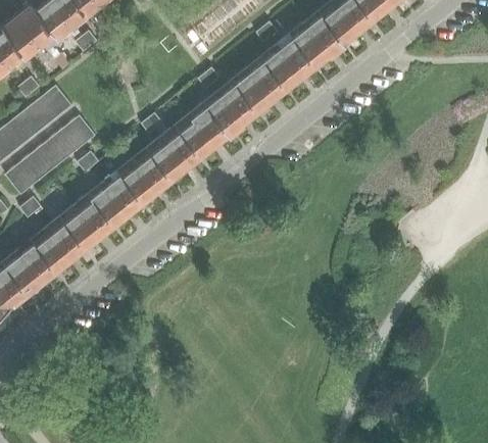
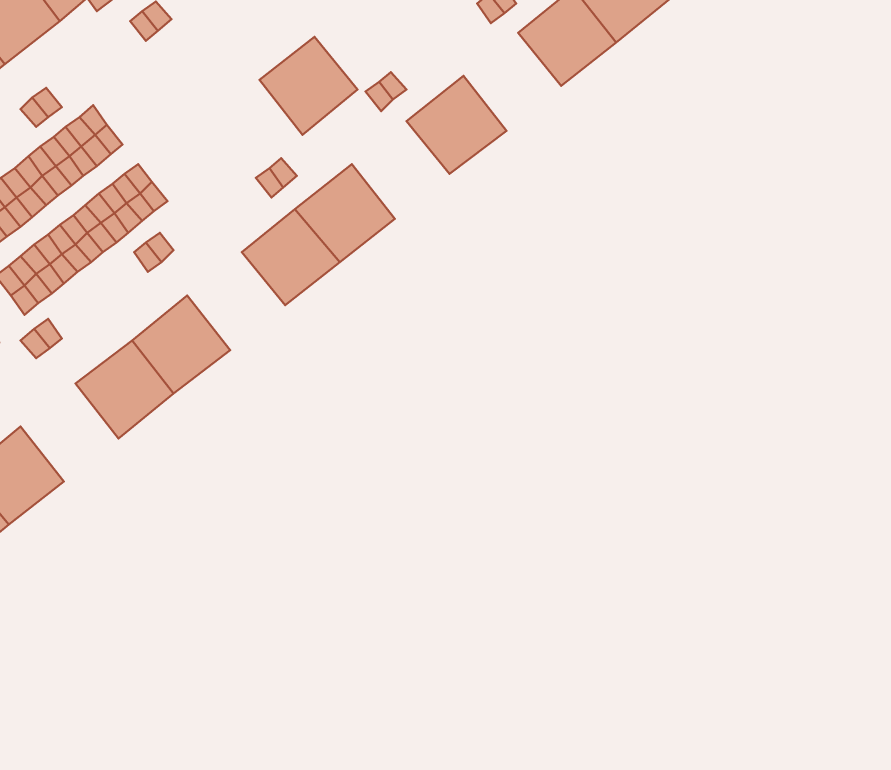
building: [250,49,301,100] -> none
building: [192,95,243,146] -> [259,37,357,135]
building: [106,163,157,214] -> none
building: [19,232,70,283] -> none

